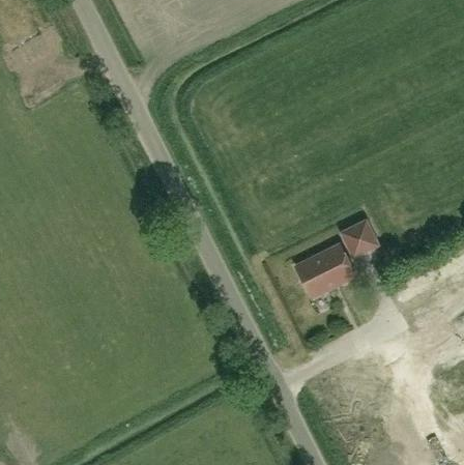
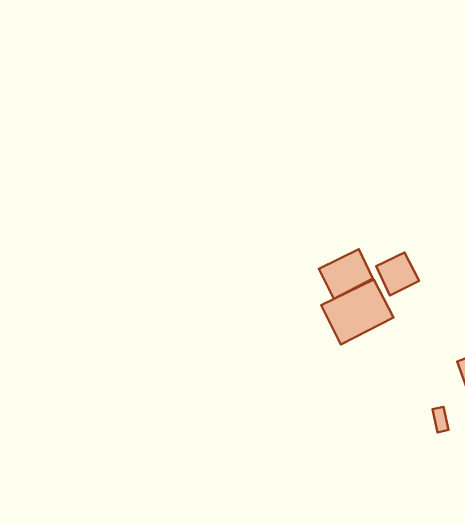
building: none -> [319,249,373,299]

